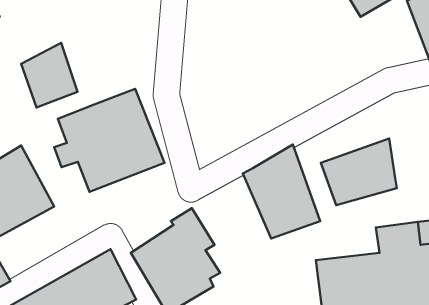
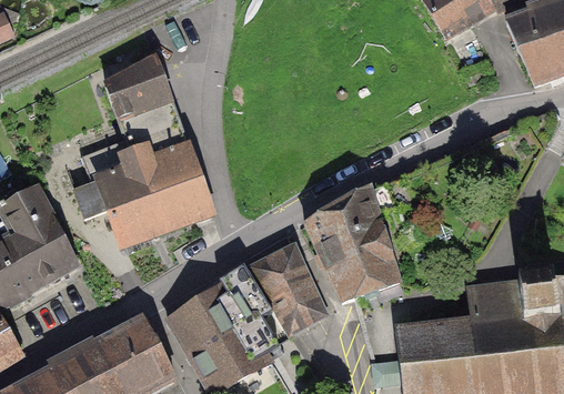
building: [21,43,78,107] -> [107,59,175,138]
building: [321,138,397,205] -> none
building: none -> [252,244,328,333]

